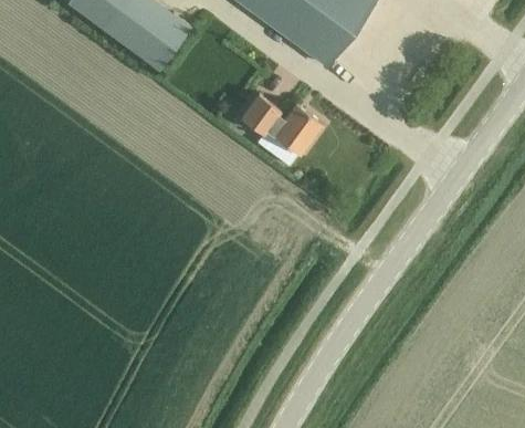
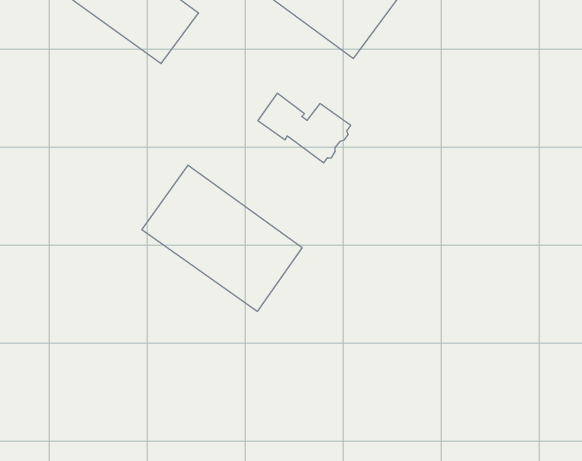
building: none -> [142,165,302,311]

